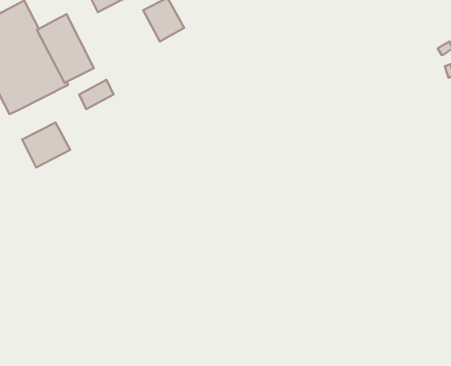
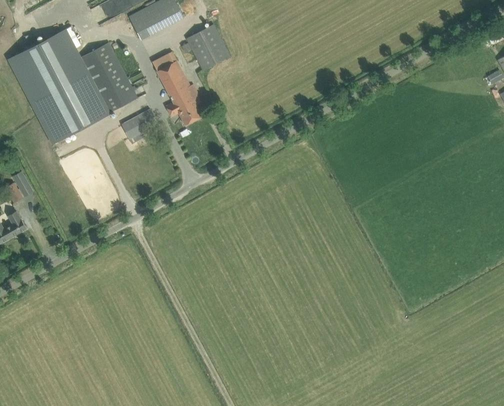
building: none -> [152,51,202,125]
building: [22,123,70,168] -> none

